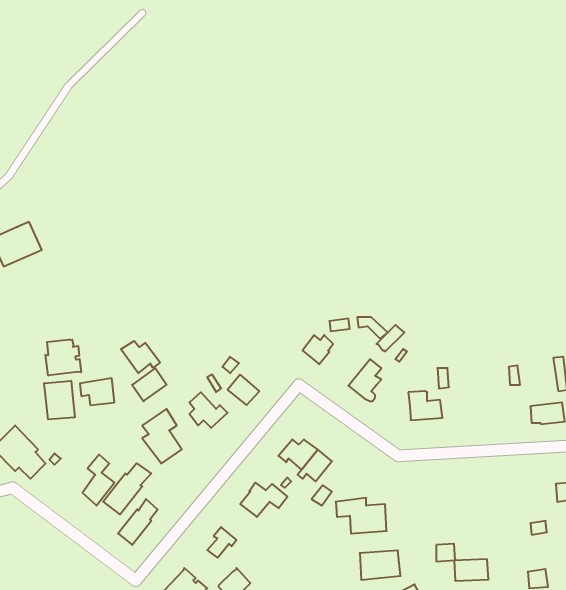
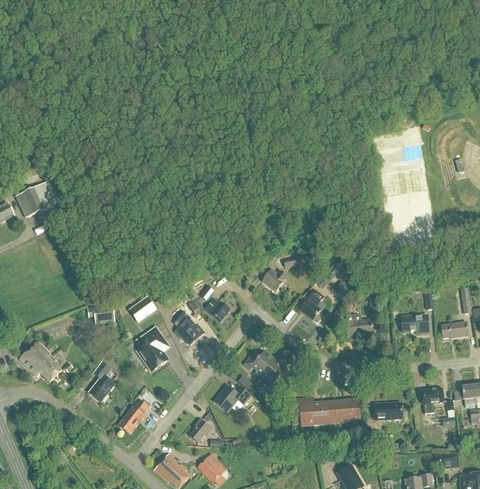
building: [45,339,81,376] -> none
building: [121,341,160,373] -> none
building: [44,381,75,419] -> none
building: none -> [401,313,429,332]
building: [103,463,151,514] -> none
building: none -> [422,388,444,413]
building: [360,550,401,580] -> [328,400,360,423]
building: [454,559,488,581] -> [375,403,402,420]

